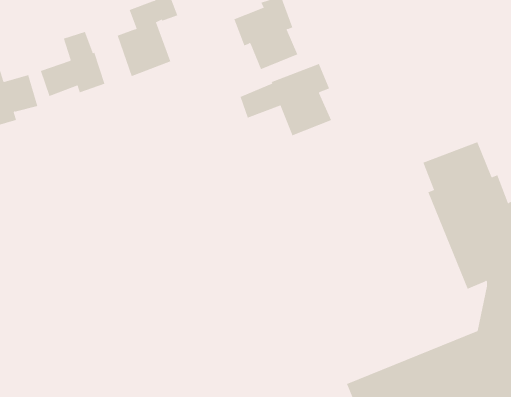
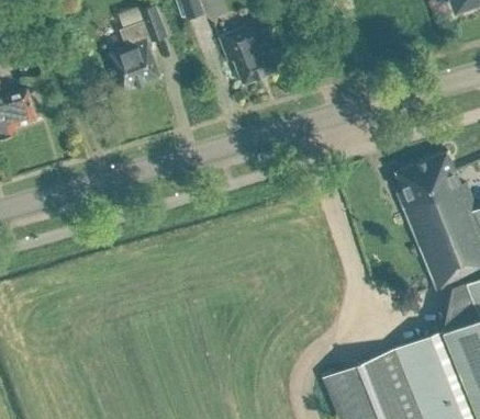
building: [40,31,105,97] -> none
building: [240,63,332,136] -> none

